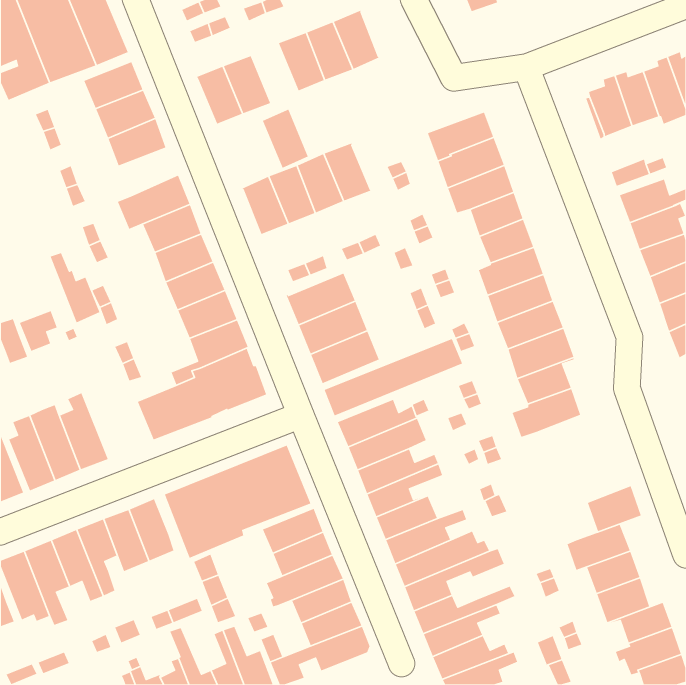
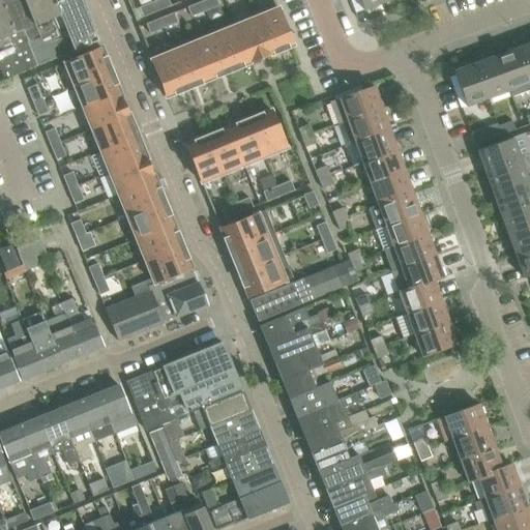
building: [262,109,309,169] -> [194,33,230,80]
building: none -> [91,114,138,151]
building: [49,252,100,323] -> [63,299,102,354]
building: [587,485,642,532] -> [414,320,457,356]

